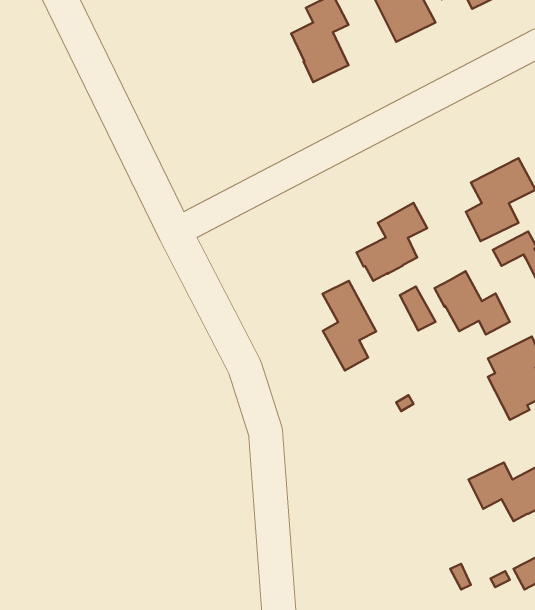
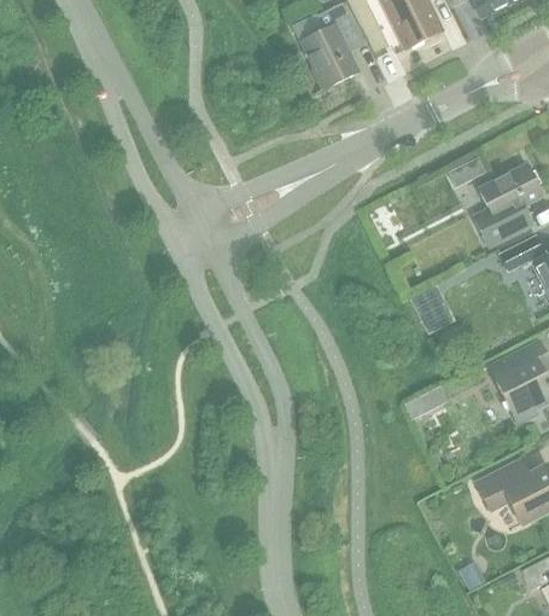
building: [357,203,427,281] -> none
building: [434,271,510,334] -> none
building: [323,281,376,370] -> none

